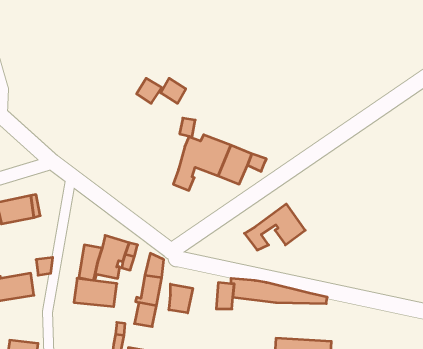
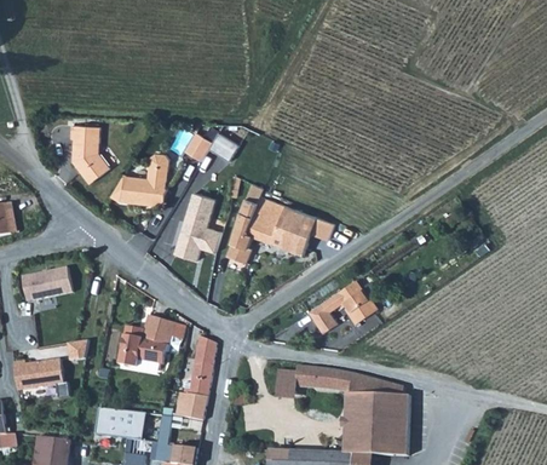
building: none -> [69,126,108,184]
building: none -> [110,155,168,207]
building: none -> [172,194,219,263]
building: [74,278,117,307] -> [96,406,145,438]
building: [169,284,193,313] -> none
building: none -> [340,392,410,437]

